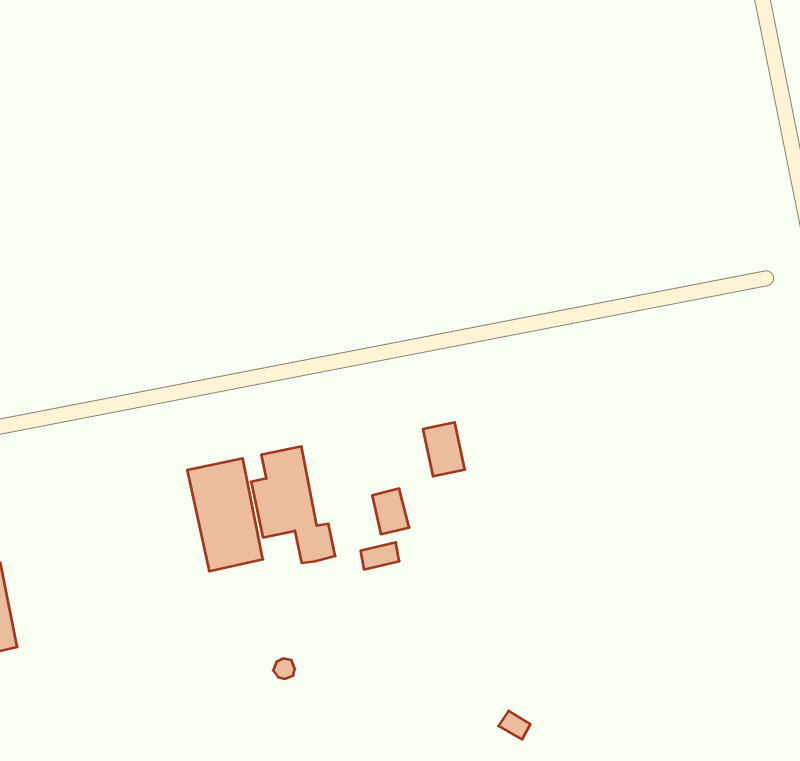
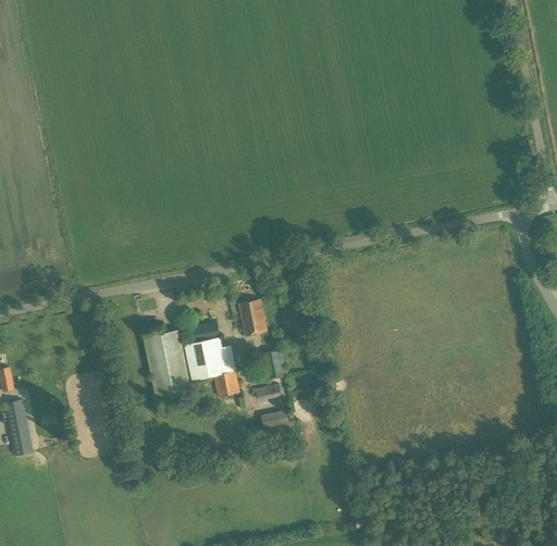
building: [423,422,465,476] -> [239,299,267,334]
building: none -> [261,410,292,442]

